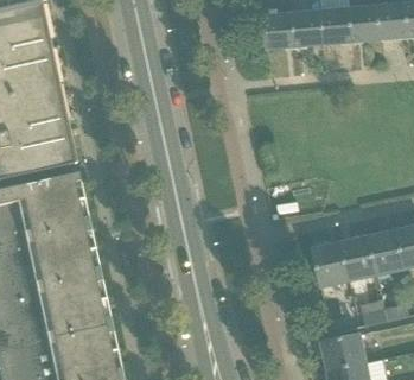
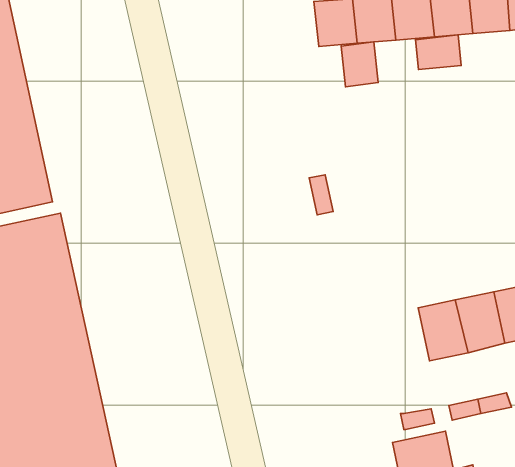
building: none -> [415,35,461,69]
building: none -> [341,42,378,87]
building: [313,242,350,287] -> none

